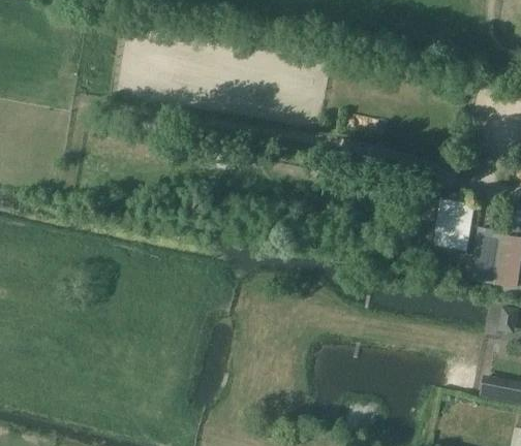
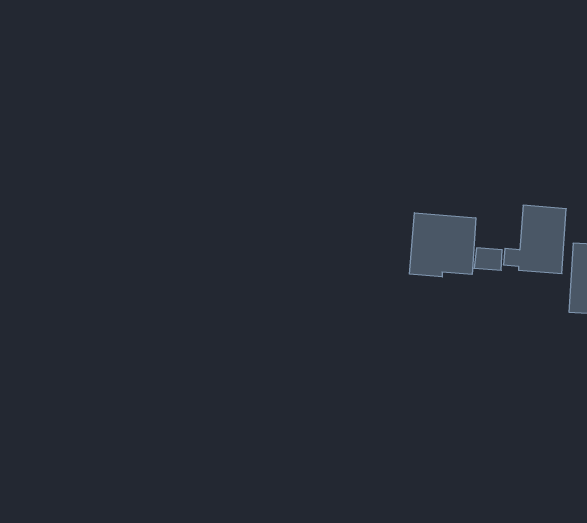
building: none -> [410,213,476,277]

